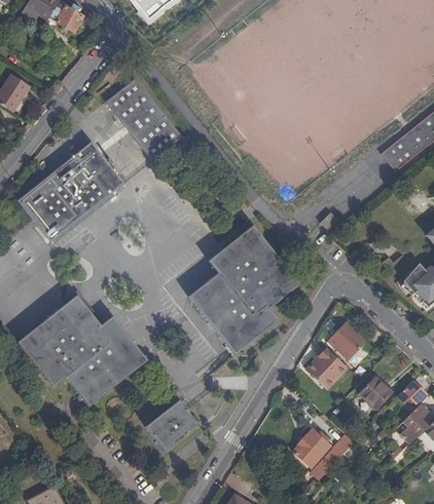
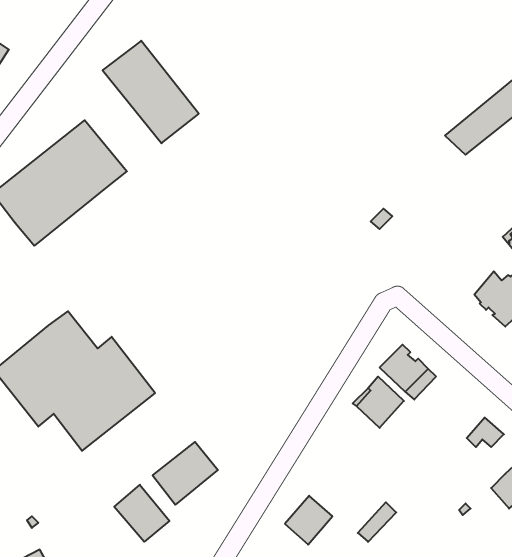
building: [188,225,300,355] -> none
building: [358,376,392,410] -> none
building: [395,403,428,443] -> none
building: [292,428,330,467] -> [285,496,332,545]
building: none -> [114,485,169,542]

